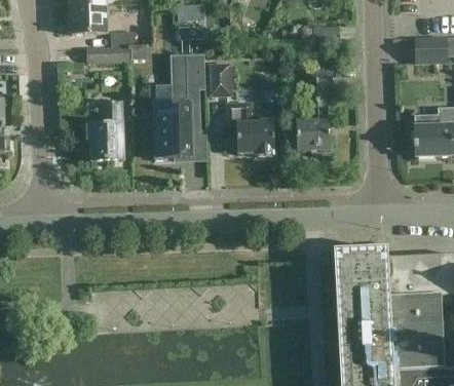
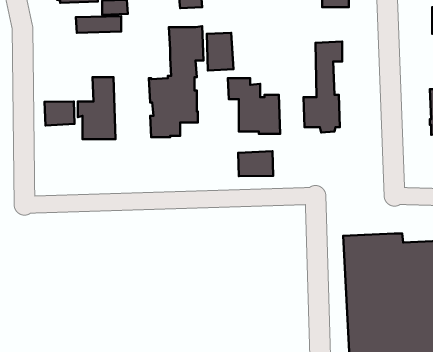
building: none -> [45,101,74,125]
building: none -> [238,151,273,176]

